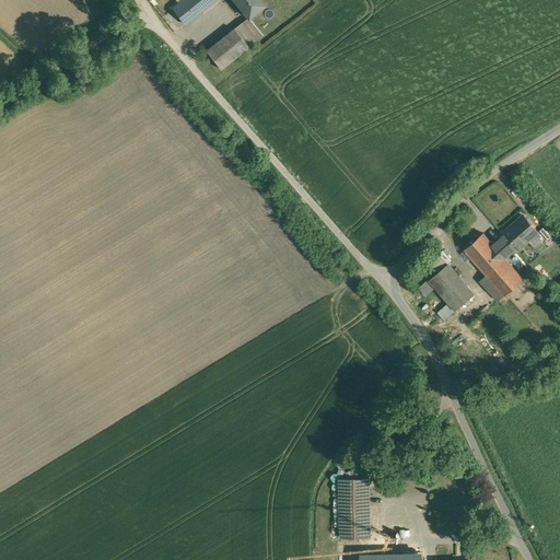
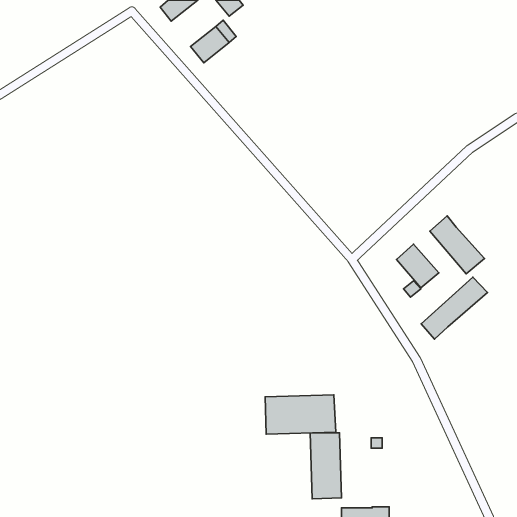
building: [492,217,537,255] -> none
building: none -> [421,277,487,339]
building: none -> [265,395,336,434]

